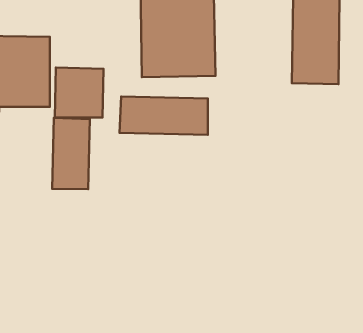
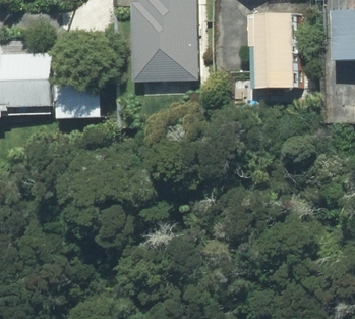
building: [120,97,208,135] -> none
building: [52,118,90,189] -> none

